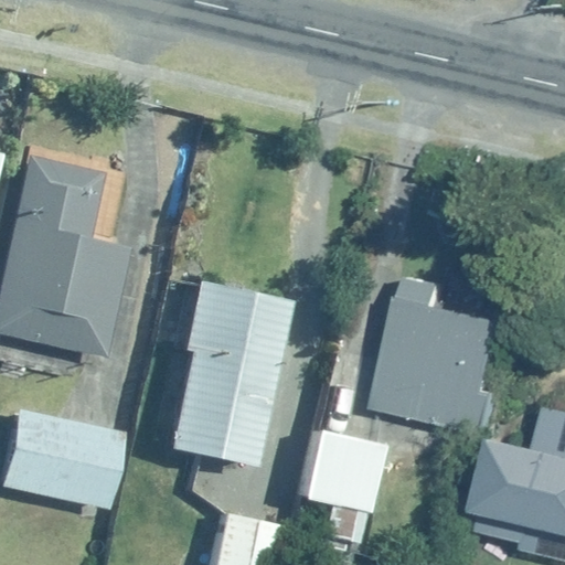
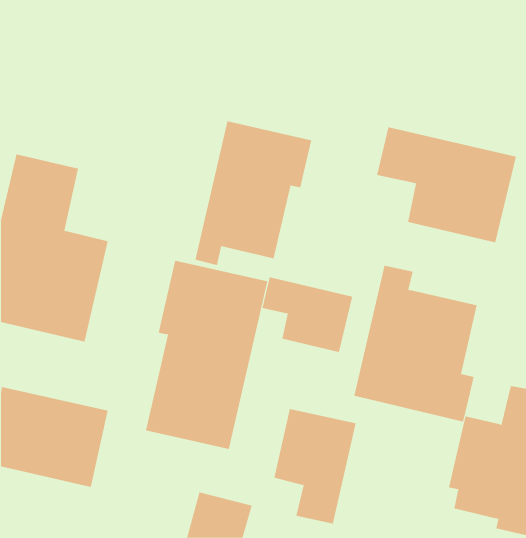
building: none -> [195,121,312,266]
building: none -> [377,126,516,243]
building: none -> [262,277,353,353]

